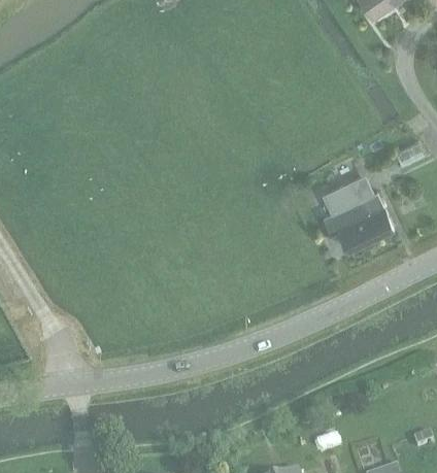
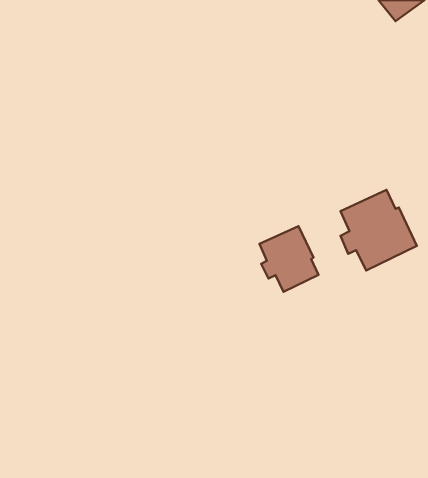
building: none -> [259,226,319,292]

